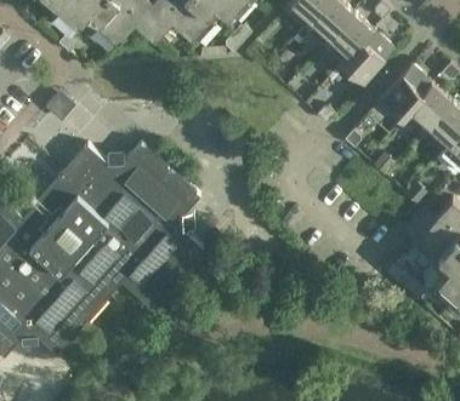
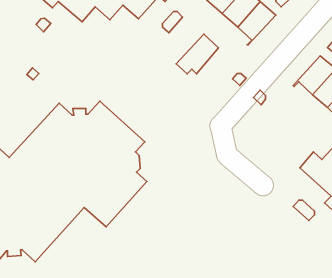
building: [336,30,392,82] -> [176,34,219,74]
building: [381,64,431,122] -> none

